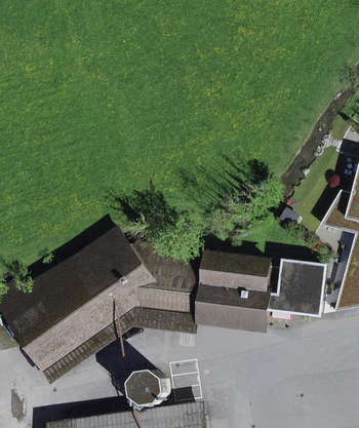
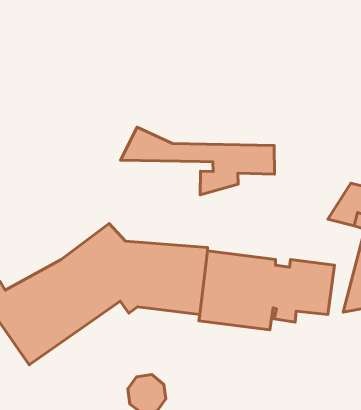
building: none -> [121,127,275,195]
building: [40,301,200,383] -> none

